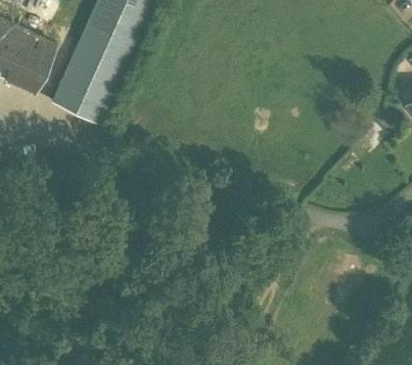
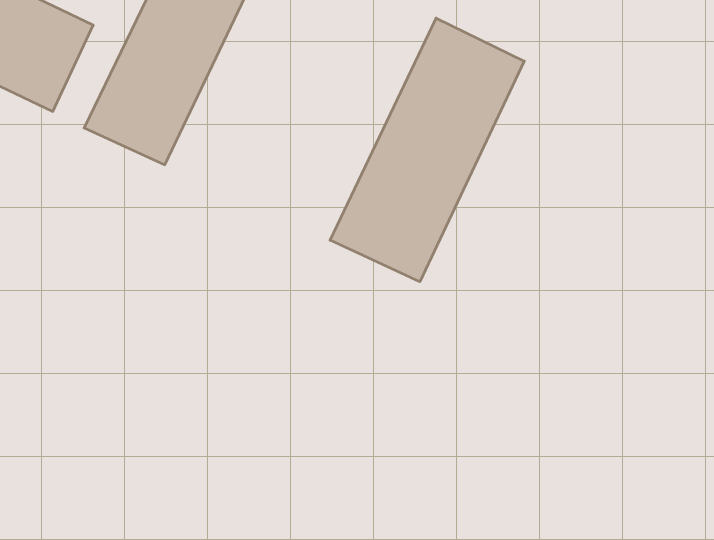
building: none -> [330,18,524,282]

